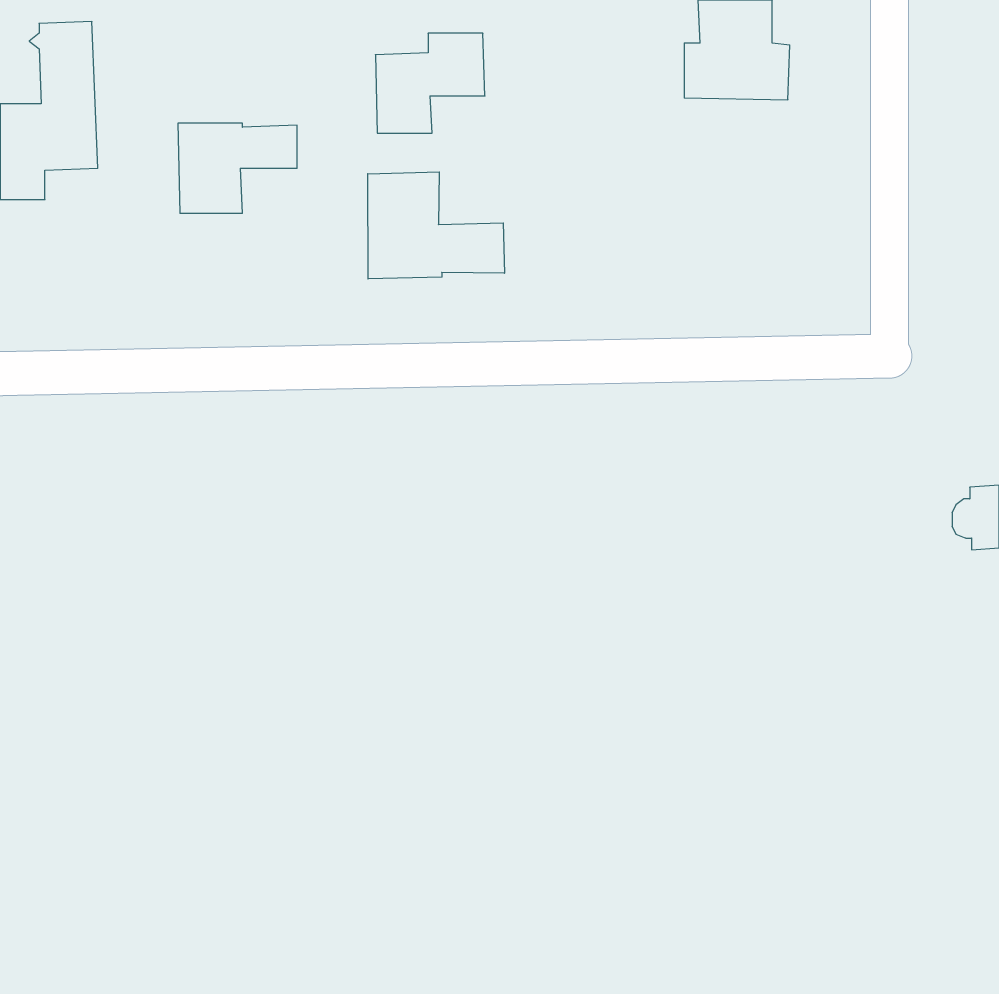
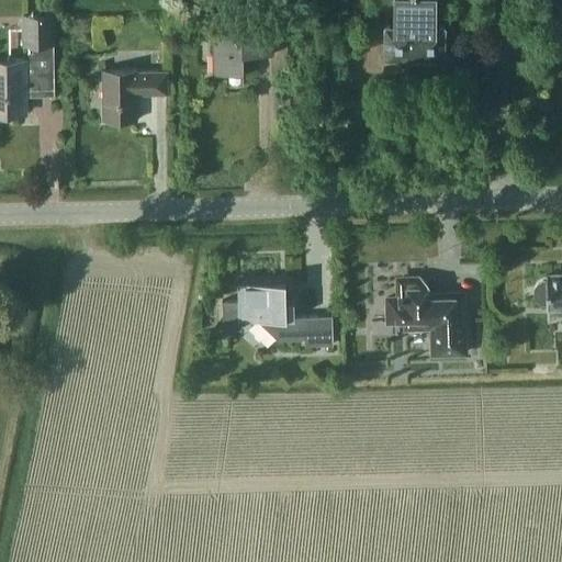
building: [368,172,504,279] -> none
building: none -> [385,279,464,356]
building: none -> [222,282,333,346]

